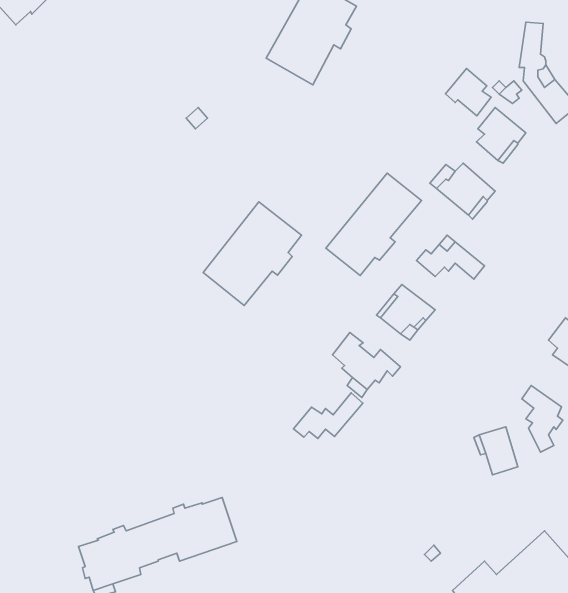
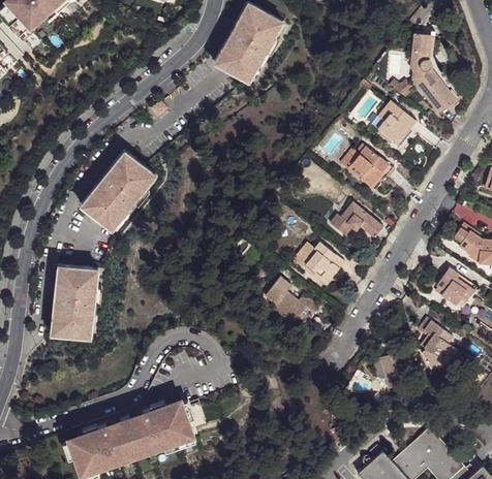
building: [445,69,491,116] -> none
building: [326,173,422,276] -> none
building: [203,202,302,306] -> [81,151,157,231]
building: none -> [51,265,102,340]
building: [294,393,363,439] -> none

